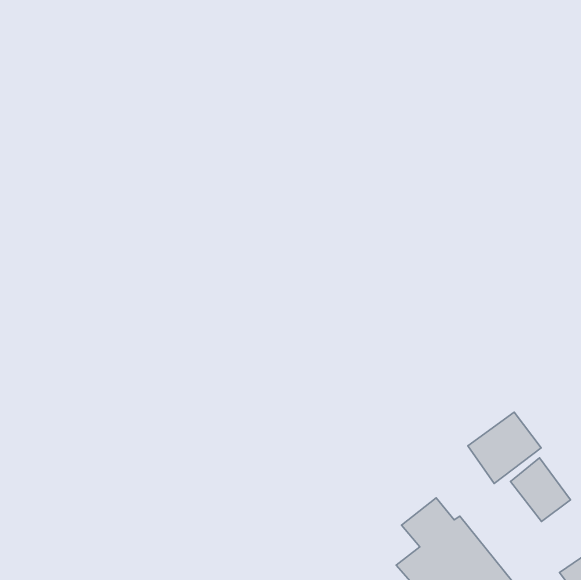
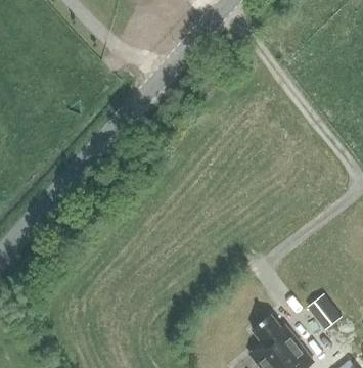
building: [468,412,541,484] -> none

